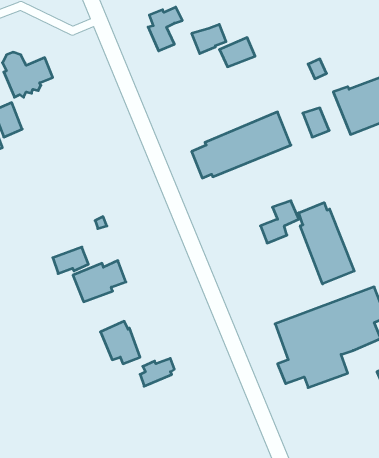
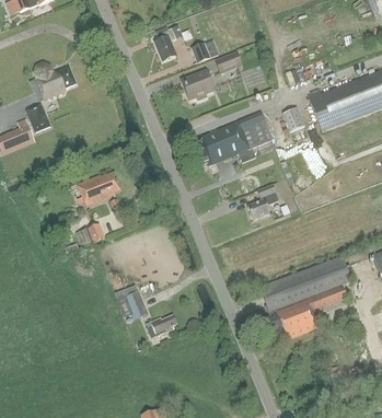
building: none -> [183,71,212,100]
building: [299,203,354,284] -> none
building: [73,261,126,302] -> [77,172,120,206]

